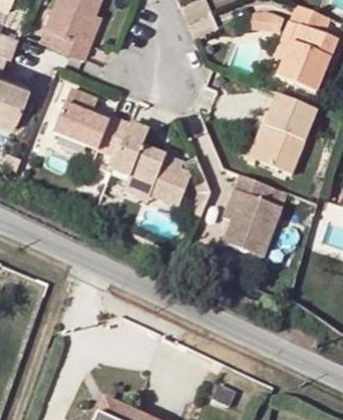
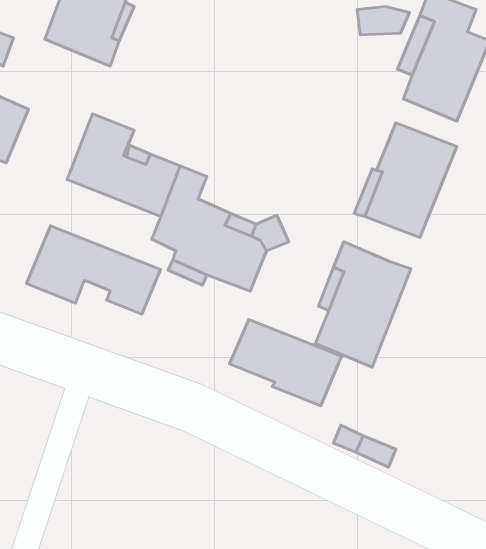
building: none -> [27,226,160,314]
building: none -> [230,320,341,406]

